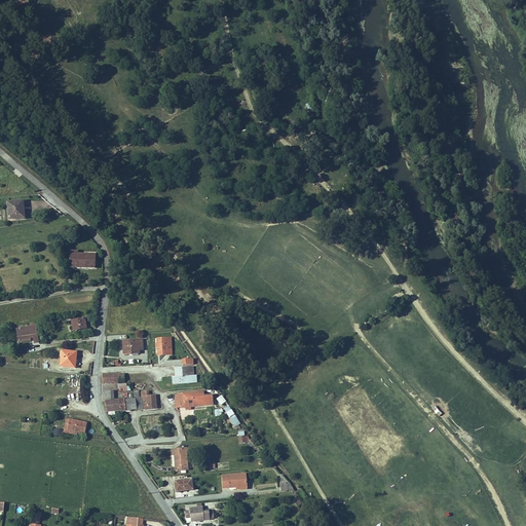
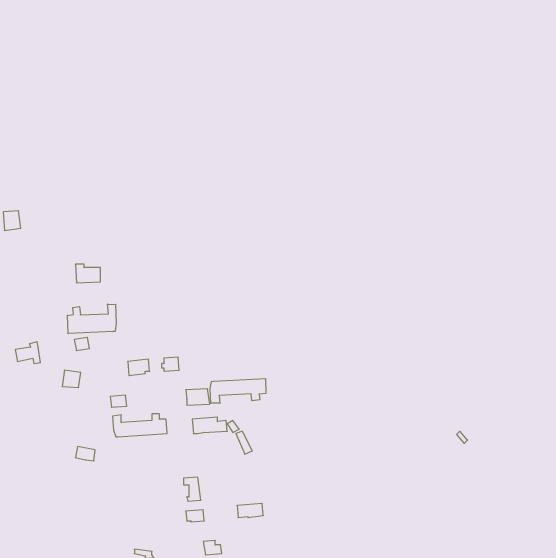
building: none -> [67,304,116,334]
building: none -> [210,379,266,403]

